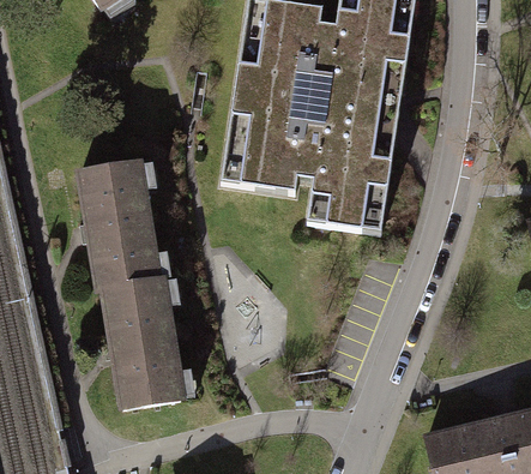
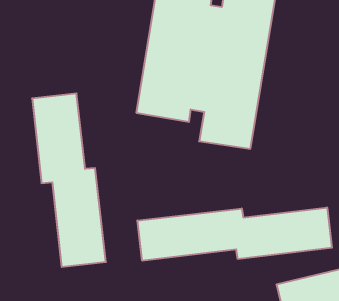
building: none -> [137,207,332,261]

